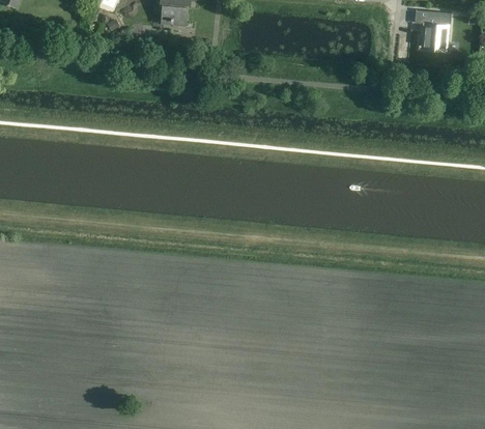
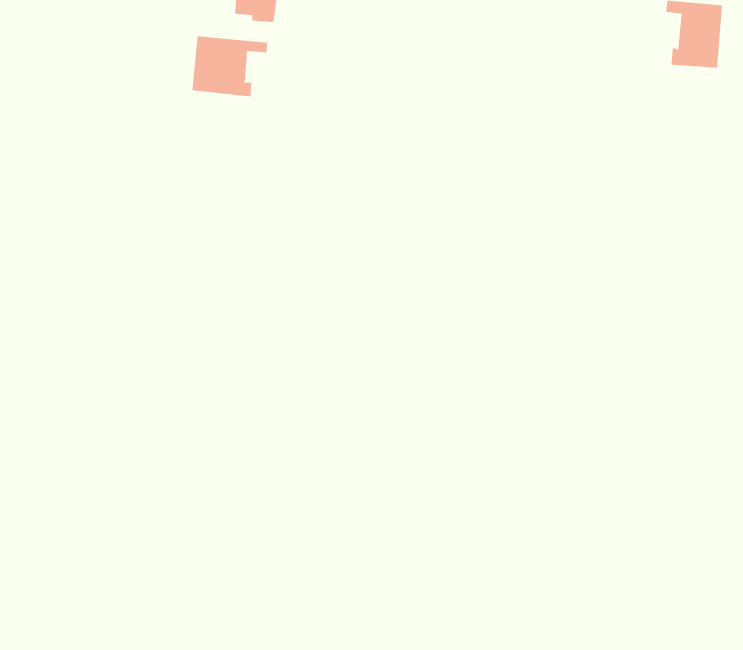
building: none -> [192,36,267,97]

